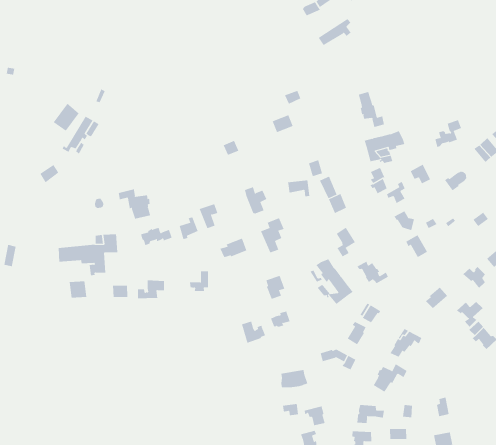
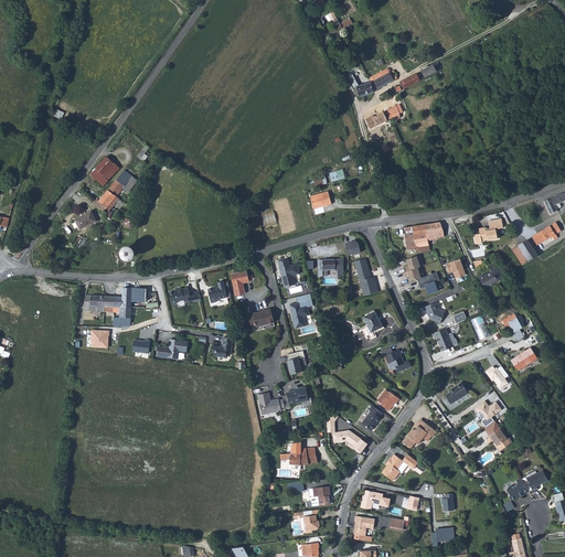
building: [358,91,385,128] -> none
building: [118,188,151,220] -> none
building: [316,259,353,305] -> none

